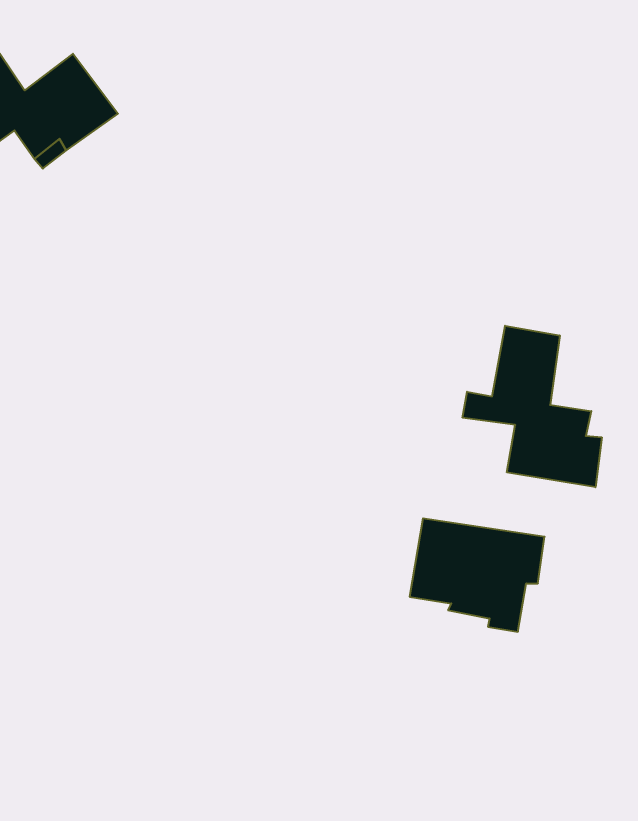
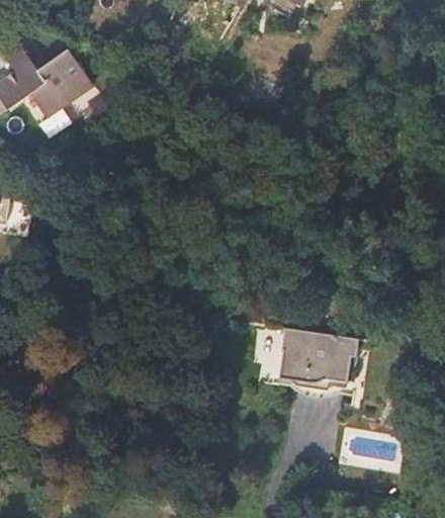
building: [463,326,602,487] -> none

